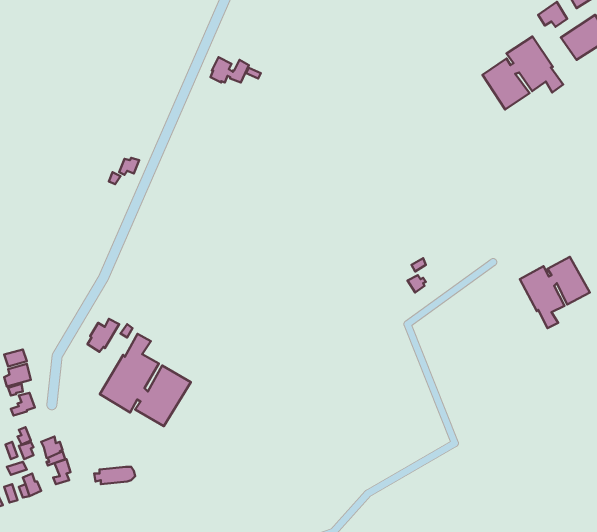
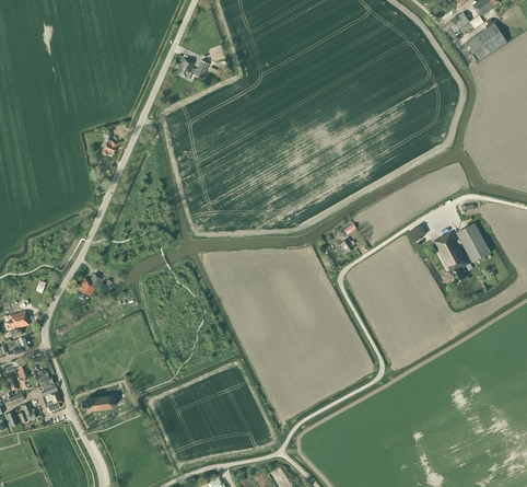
building: [483,36,563,110] -> none
building: [100,334,191,426] -> none

